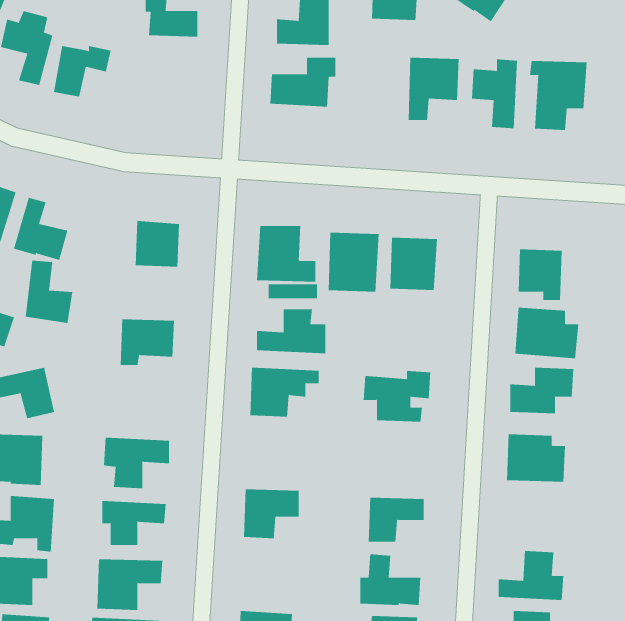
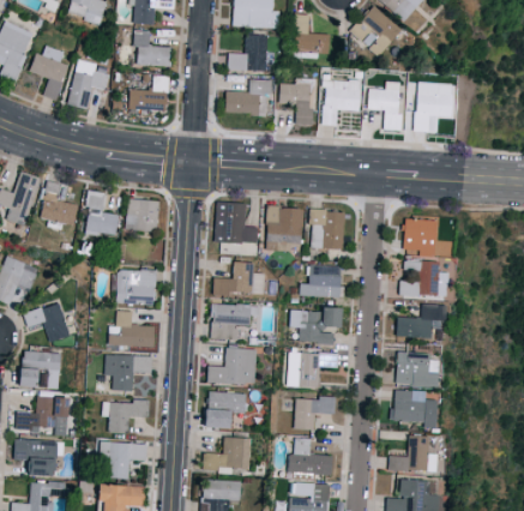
building: none -> [128,76,169,112]
building: none -> [279,78,317,126]
building: [25,260,73,324] -> [85,191,120,236]
building: none -> [301,266,342,297]
building: none -> [108,311,155,347]
building: none -> [207,348,257,384]
building: none -> [289,351,339,387]
building: none -> [392,390,436,425]
building: none -> [203,437,251,474]

